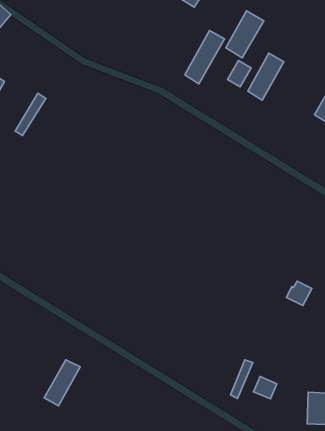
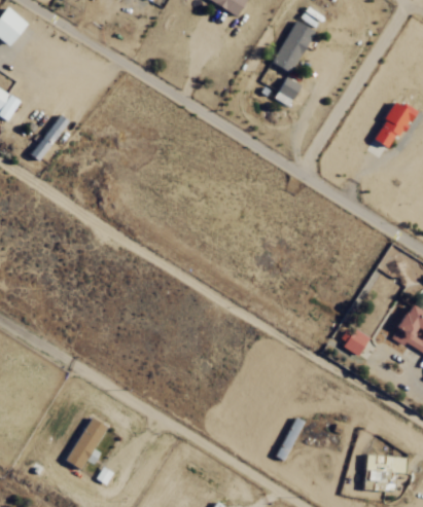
building: [185,30,225,84] -> none
building: [248,53,284,100] -> none
building: [254,377,277,399] -> none

